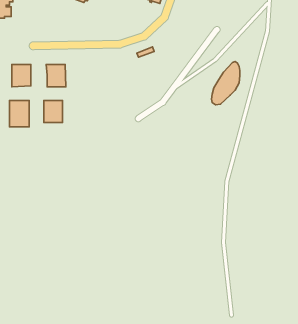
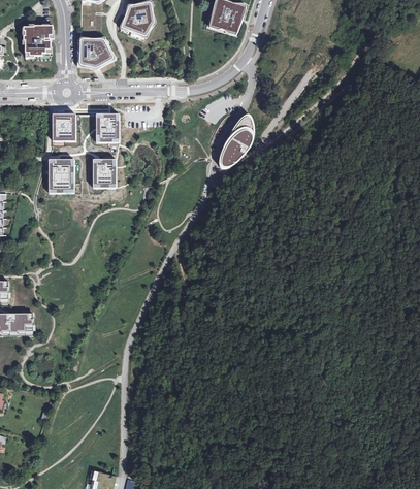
building: none -> [78,37,112,66]
building: [211,62,240,105] -> [217,116,253,170]

